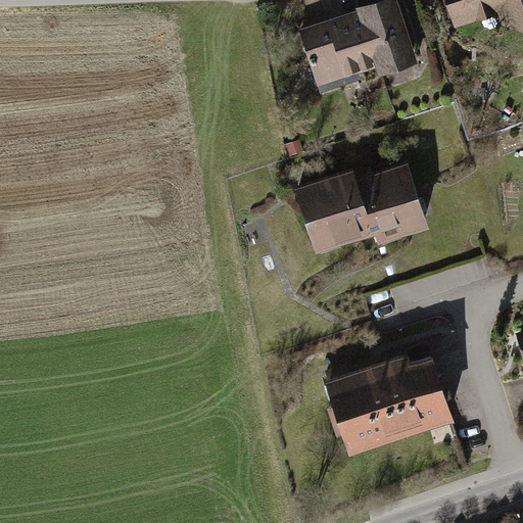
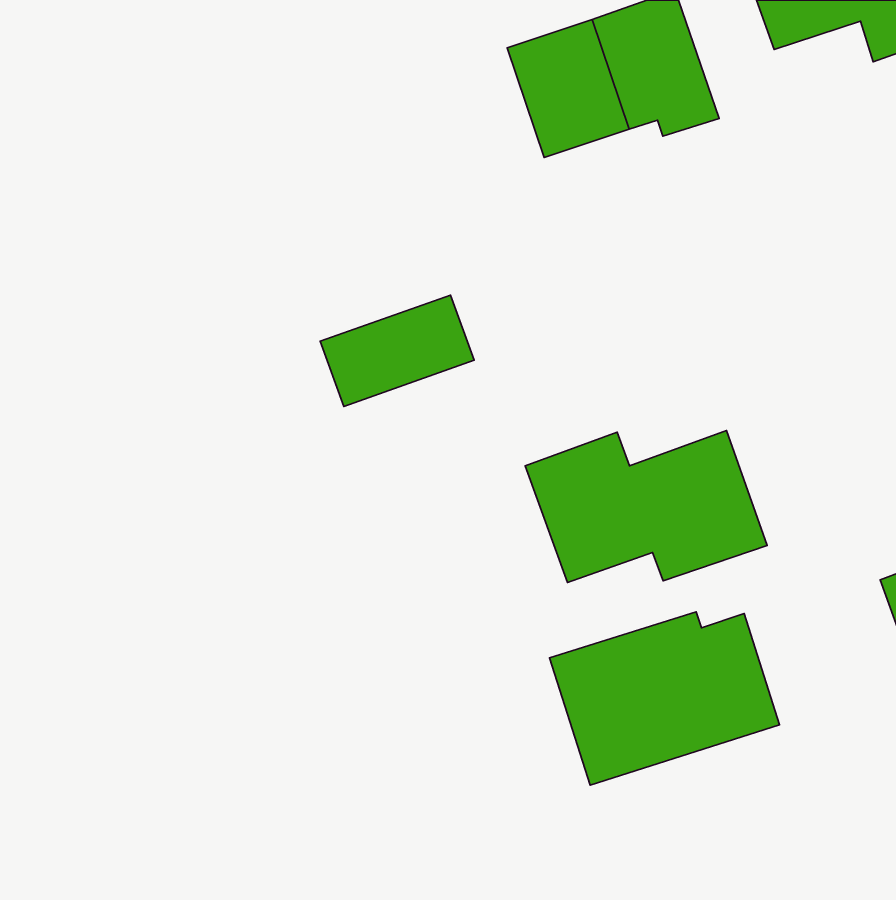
building: [293,162,433,250] -> [525,431,767,583]
building: none -> [320,295,474,406]

